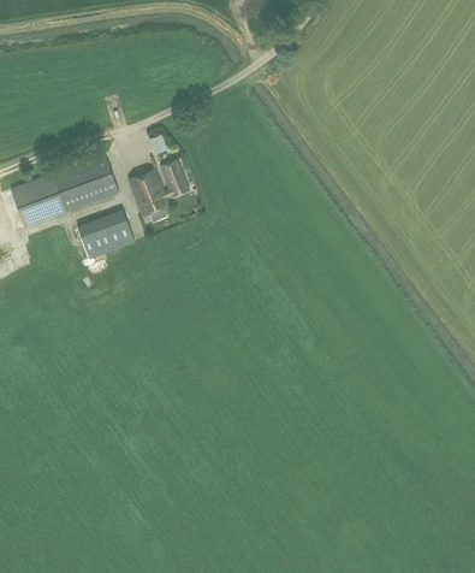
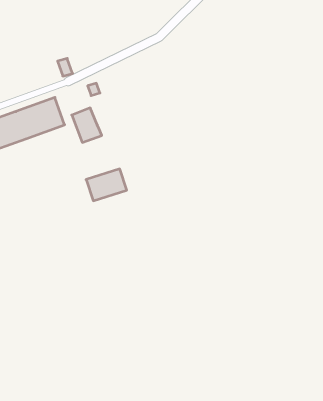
building: [159,159,188,197] -> none
building: [79,209,135,253] -> [86,169,127,201]

